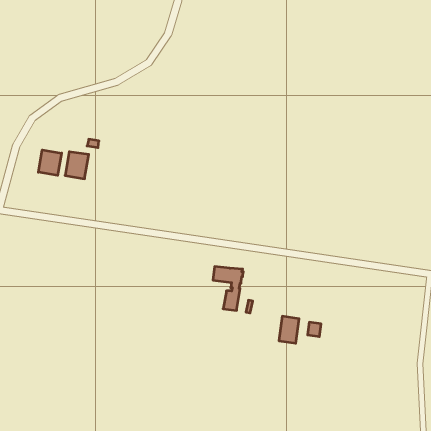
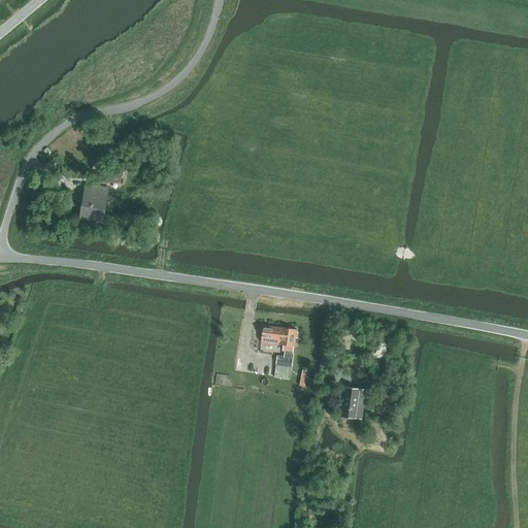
building: [38,150,62,175] -> none

